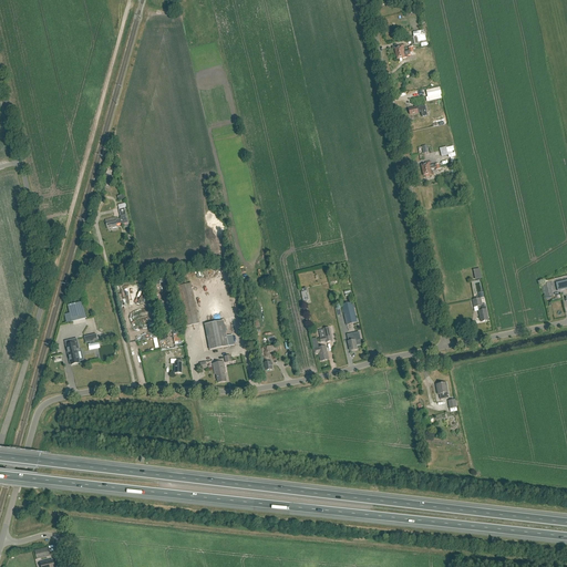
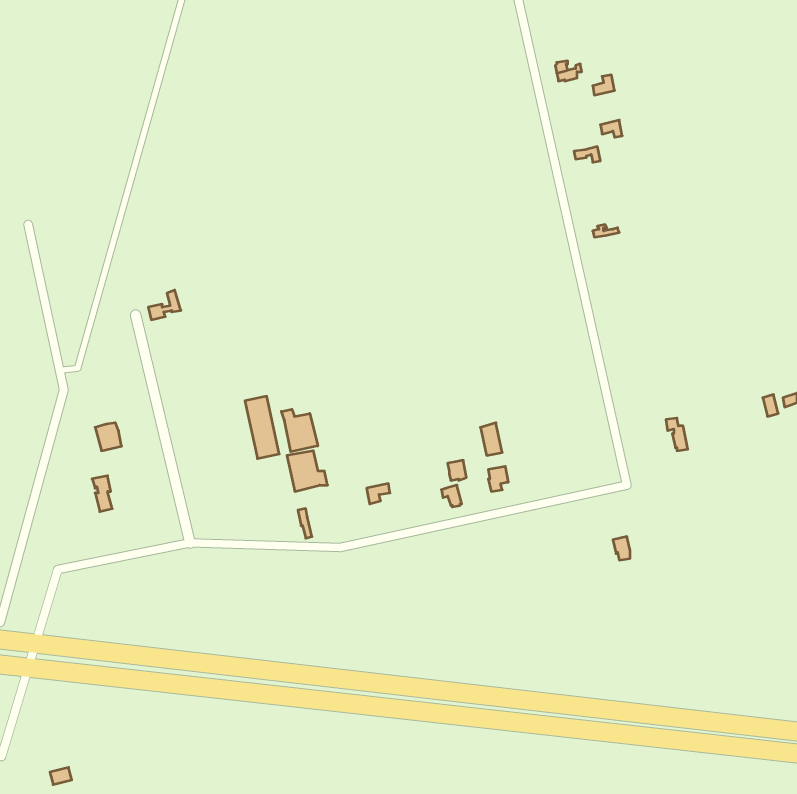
building: none -> [281,409,318,452]

